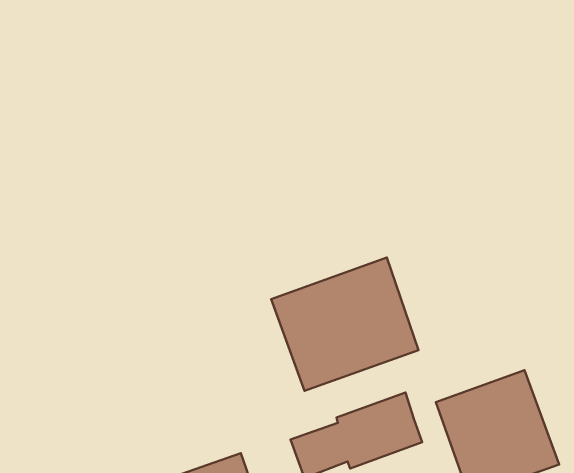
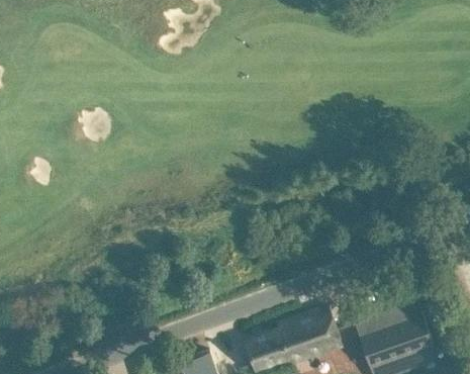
building: [271,258,419,391] -> none

